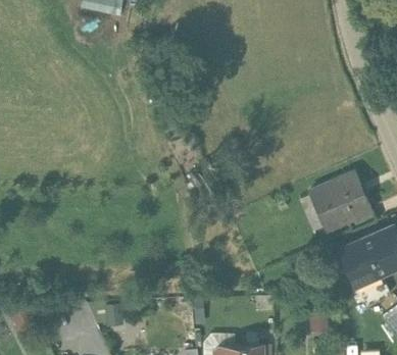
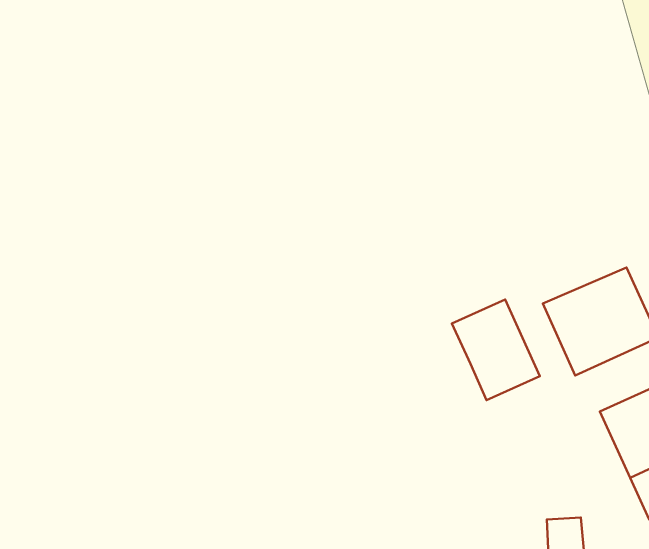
building: none -> [452,300,540,400]

